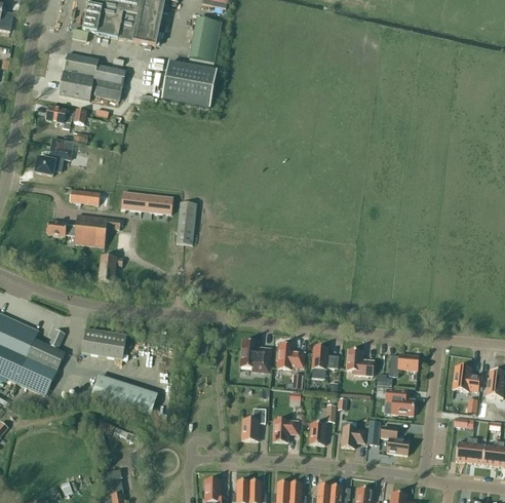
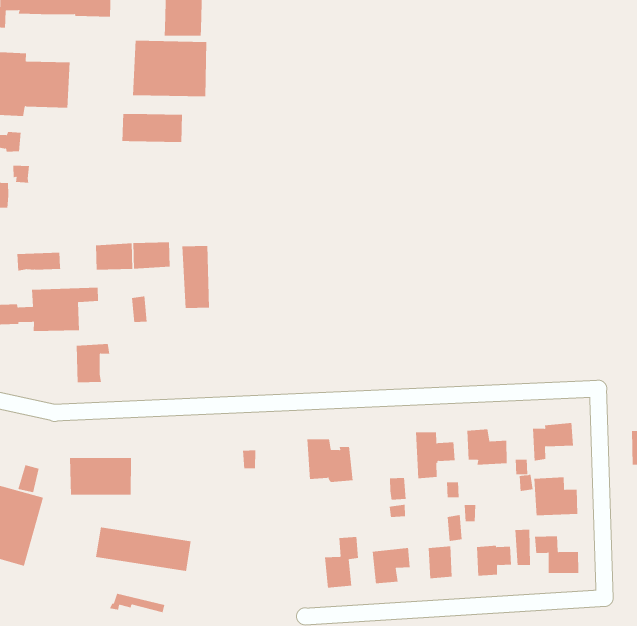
building: none -> [122,113,183,143]
building: [277,343,305,369] -> none

